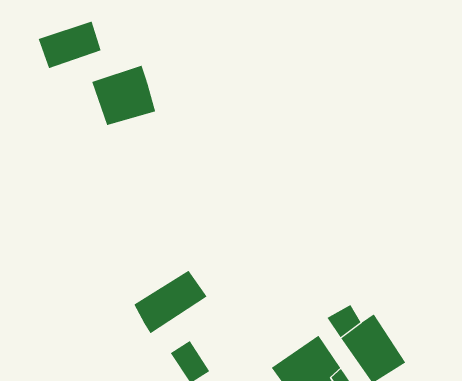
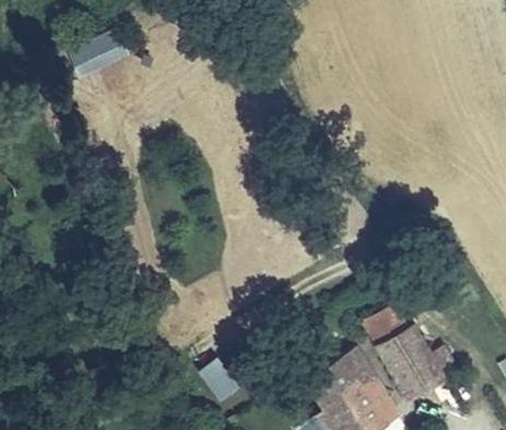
building: [91,65,156,126] -> none
building: [134,270,207,334] -> none

